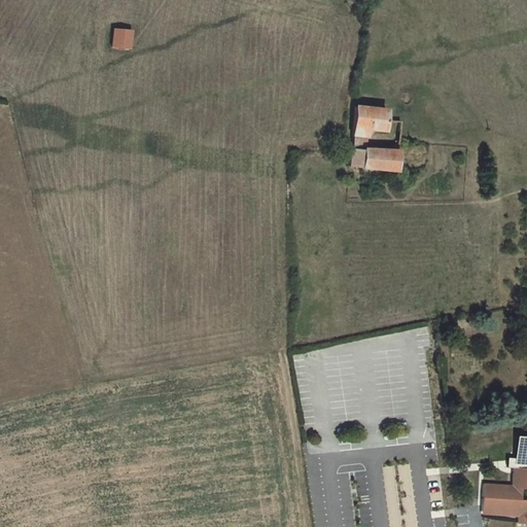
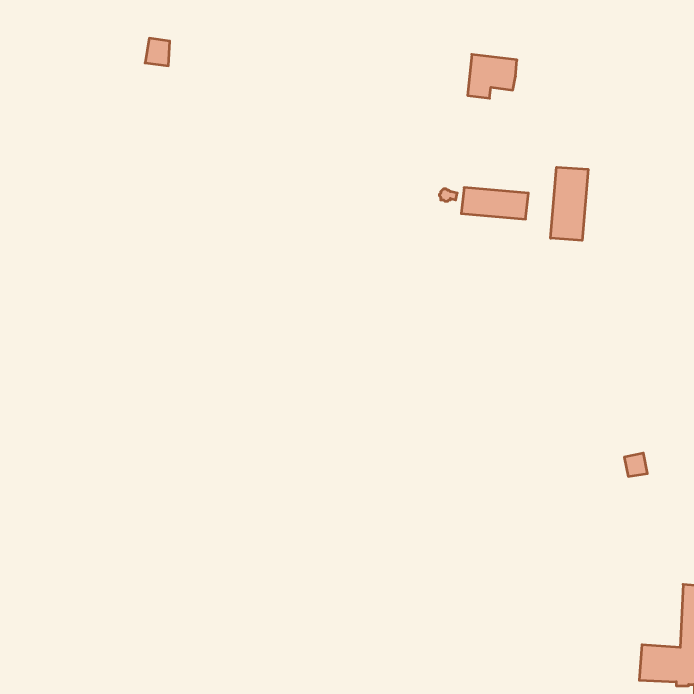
building: [353,104,390,137] -> [468,54,517,98]
building: none -> [551,167,588,240]

